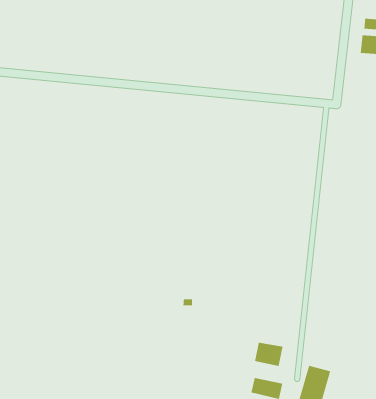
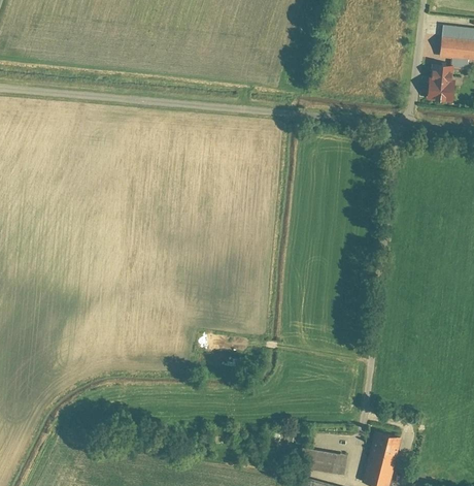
building: none -> [424,76,447,102]
building: [254,342,283,367] -> none

